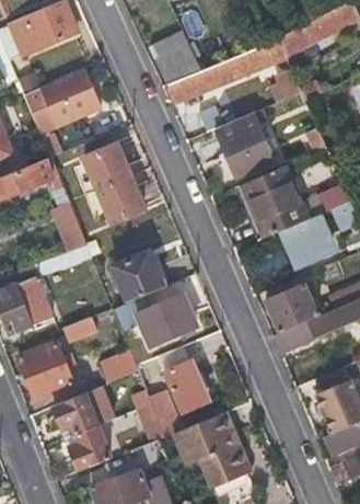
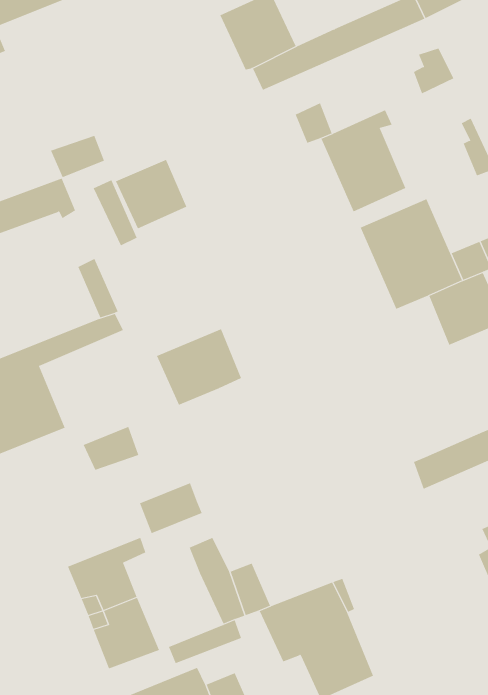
building: [22,68,100,129] -> none
building: [98,174,144,221] -> none
building: [268,283,317,334] -> none
building: [113,290,197,343] -> none
building: [20,342,73,399] -> none
building: [167,359,209,409] -> none

